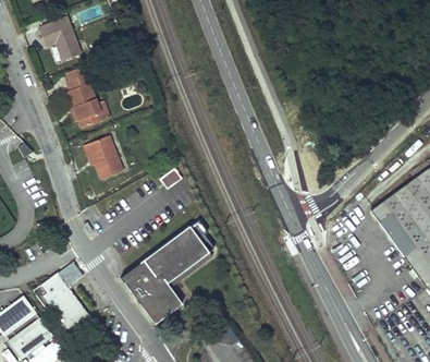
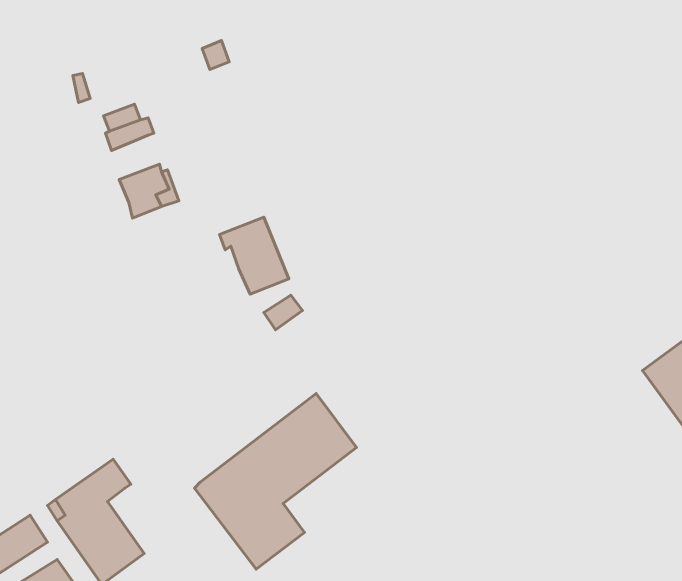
building: [40,14,83,58] -> none
building: [69,80,98,105] -> none
building: [86,133,125,177] -> [219,217,289,294]

